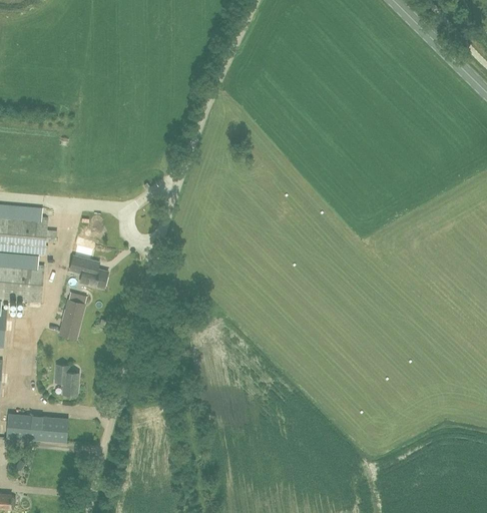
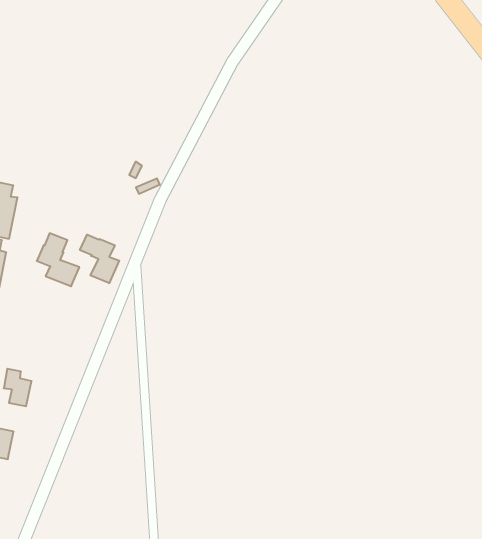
building: none -> [80,235,119,283]
building: [59,300,85,339] -> none

